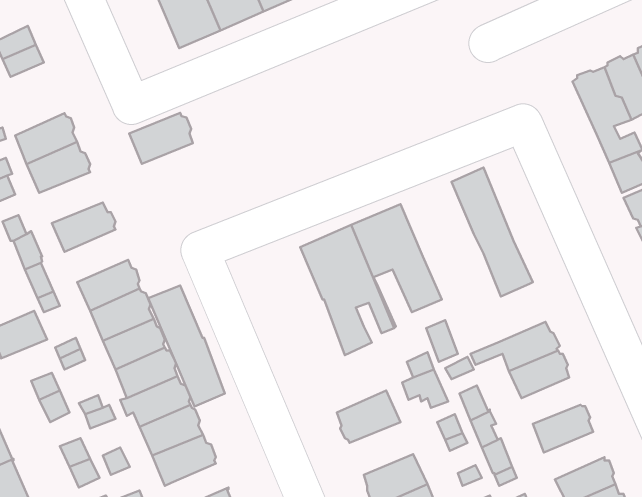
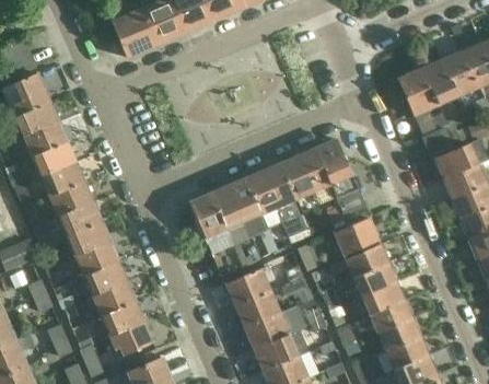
building: none -> [13,73,49,117]
building: [129,113,193,164] -> [32,142,75,177]
building: none -> [280,149,330,200]
building: none -> [49,182,93,218]
building: none -> [335,219,379,256]
building: [148,285,225,406] -> [189,194,242,277]
building: none -> [226,270,270,307]
building: none -> [363,283,405,315]
building: none -> [245,314,289,350]
building: none -> [379,321,420,353]

